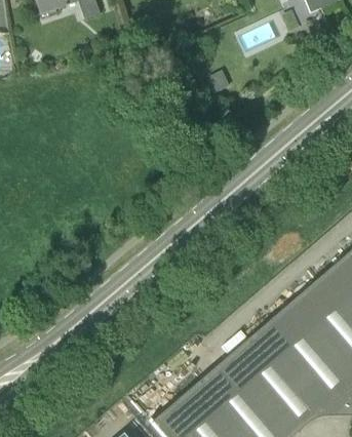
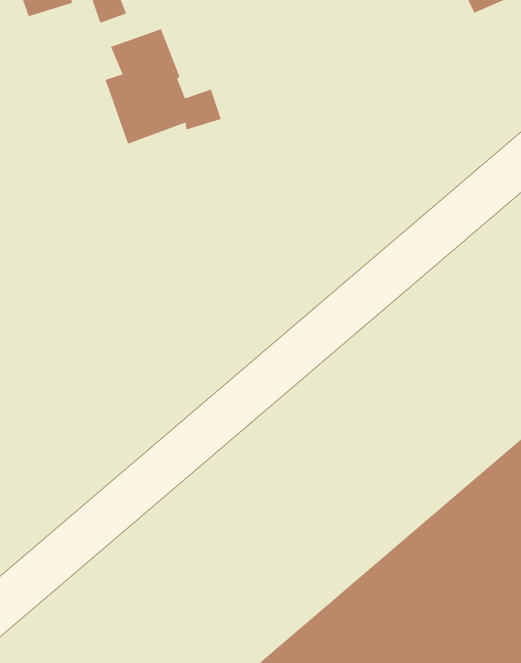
building: none -> [105,28,222,145]

